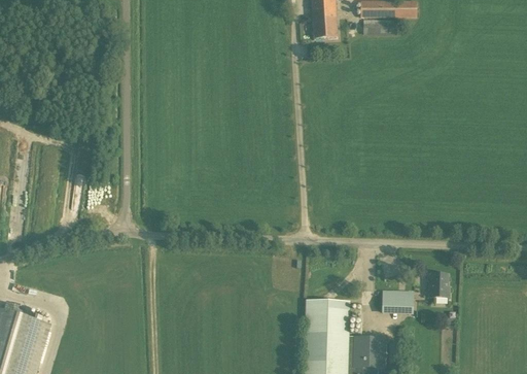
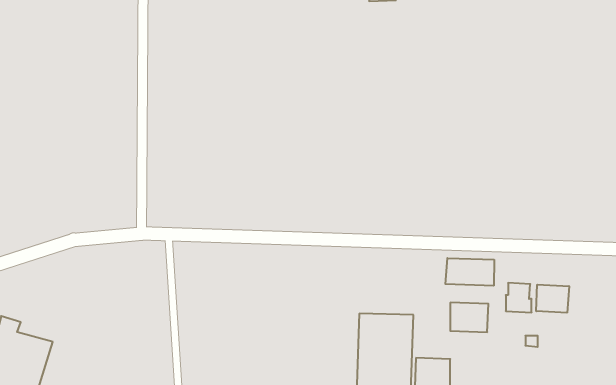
building: none -> [445,258,494,286]
building: none -> [536,285,569,313]

